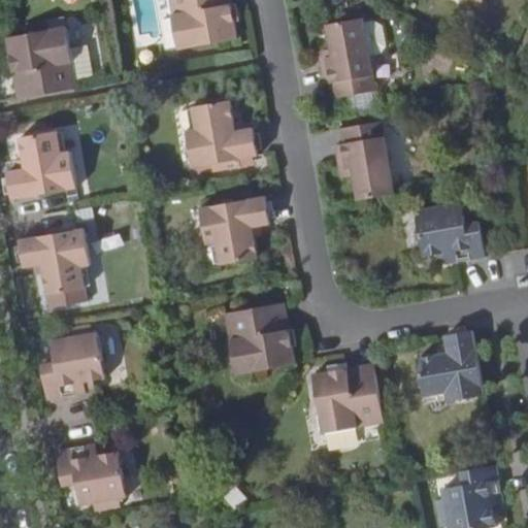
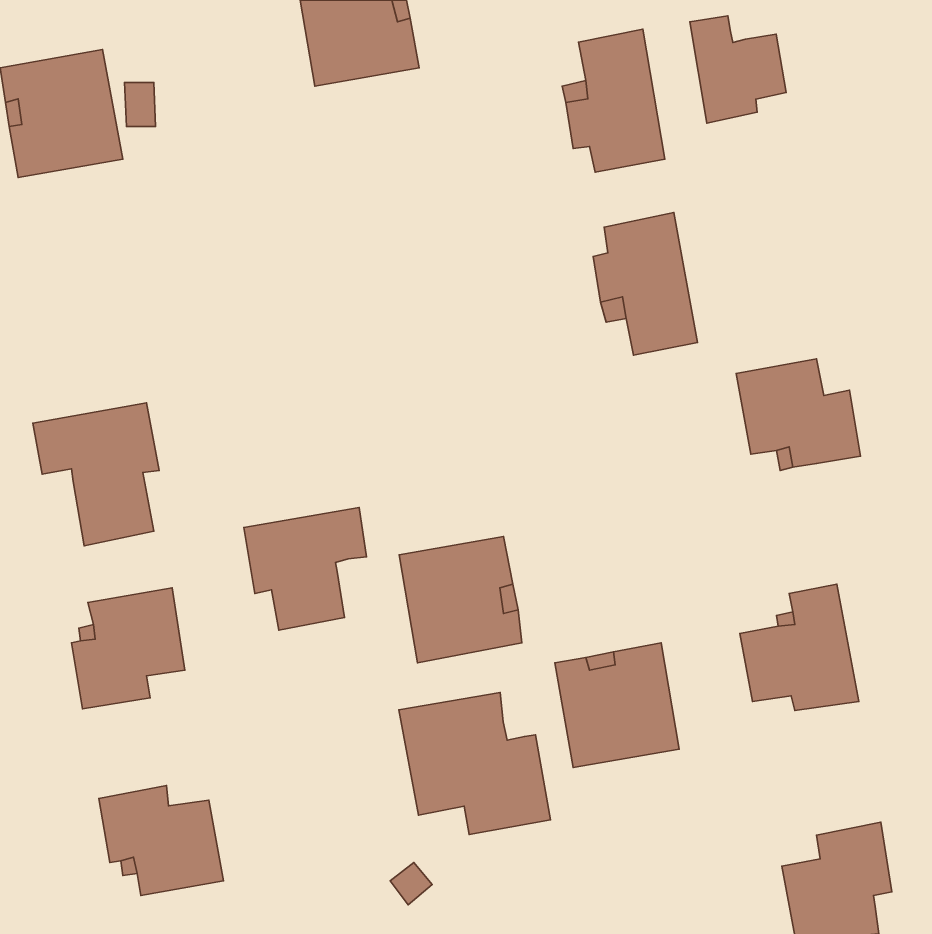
building: none -> [690,16,786,123]
building: [185,100,257,167] -> none
building: [5,131,75,199] -> none
building: [200,196,269,265] -> [244,507,367,630]
building: none -> [399,693,551,834]

